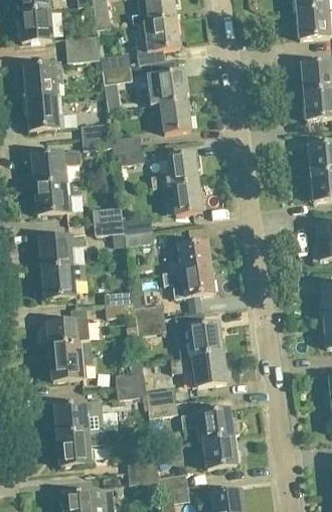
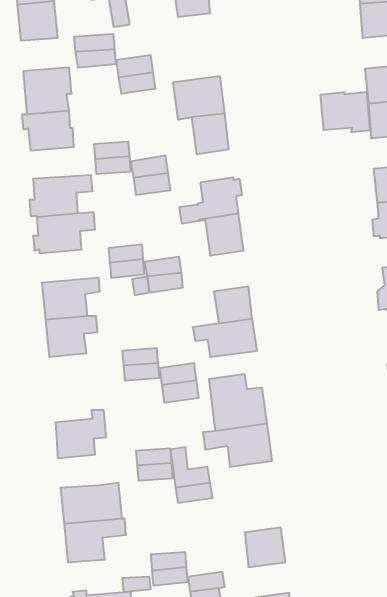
building: [135,18,179,64] -> none
building: none -> [320,92,370,132]
building: [43,319,89,351] -> none
building: [181,408,238,442] -> none

